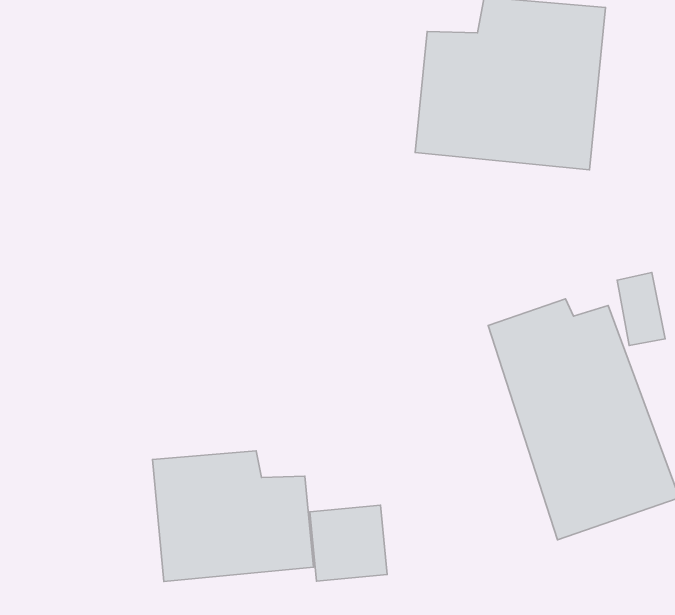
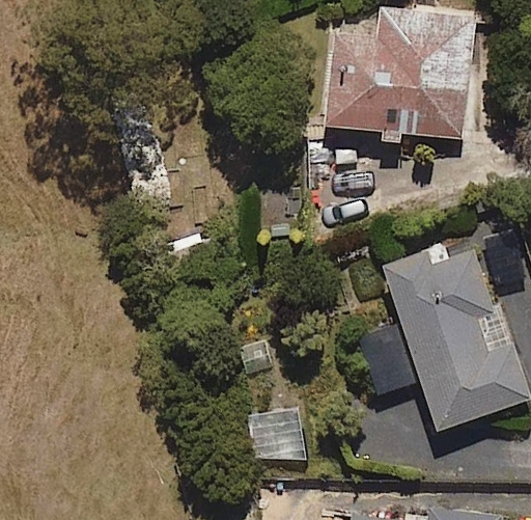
building: [152,451,313,581] -> none

